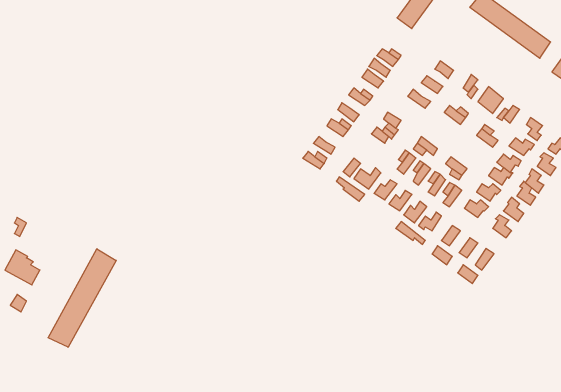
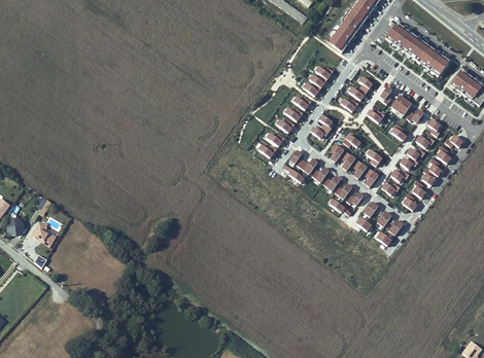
building: [48,249,116,347] -> none

